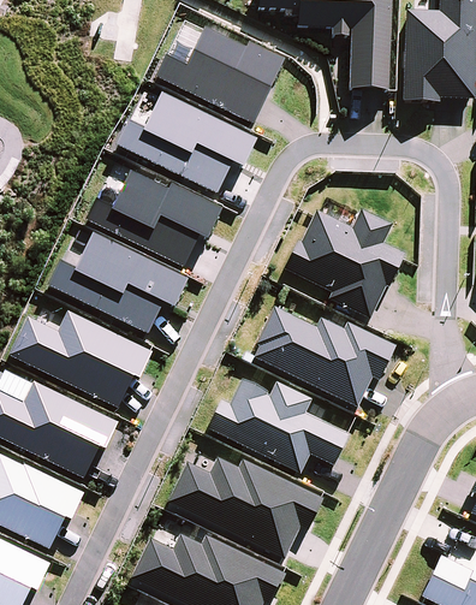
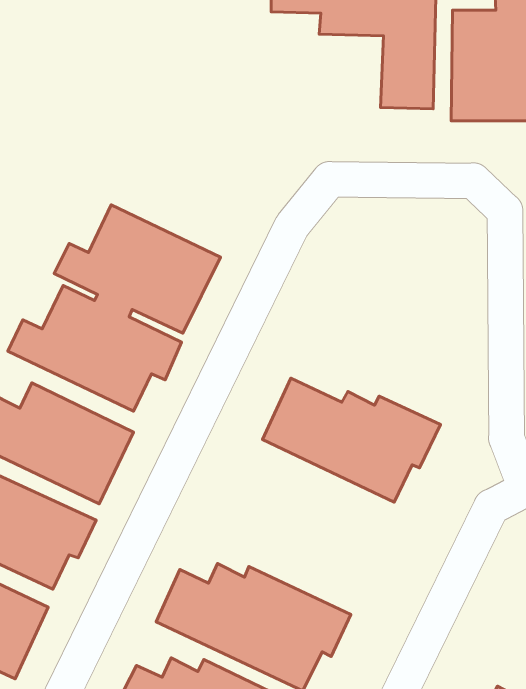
building: [155,26,282,125] -> none
building: [115,94,256,194] -> none
building: [284,207,406,318] -> none
building: [208,378,347,473] -> none

